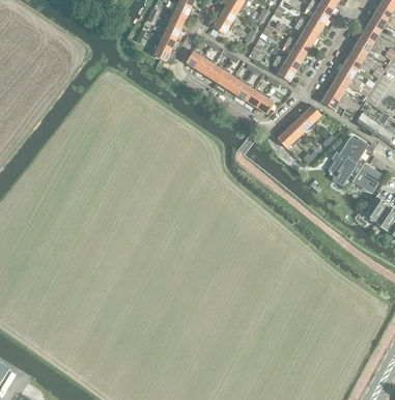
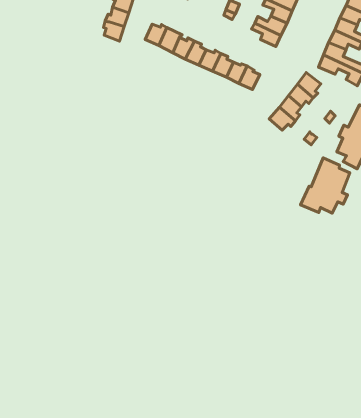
building: none -> [300,158,350,213]

